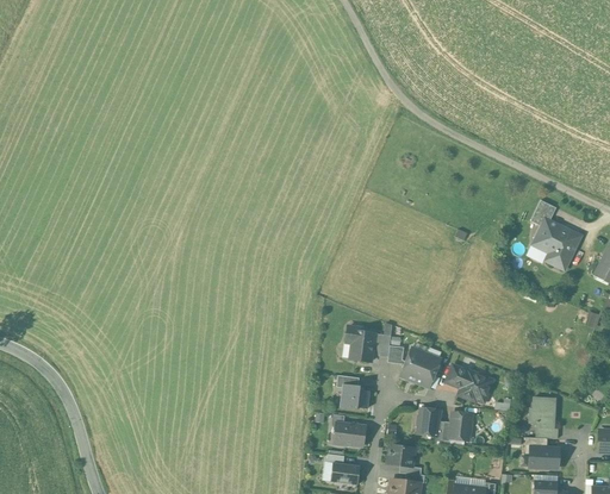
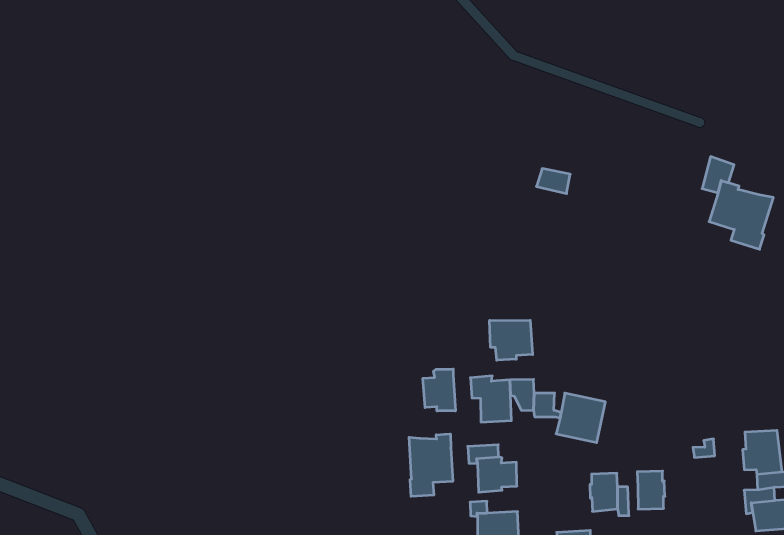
building: none -> [490,320,533,360]
building: none -> [423,369,455,411]
building: none -> [409,434,453,496]
building: [446,365,491,400] -> none

